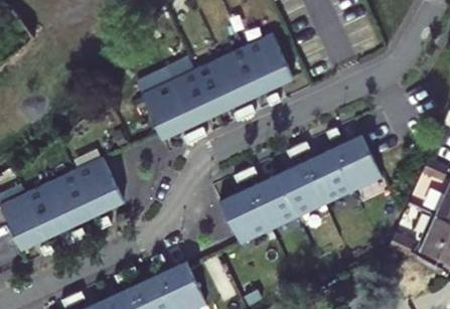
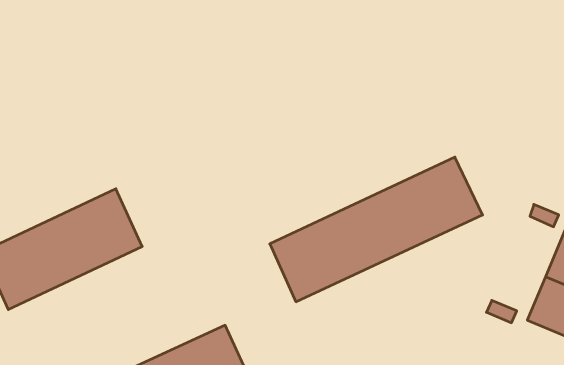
building: [142,32,294,138] -> none

